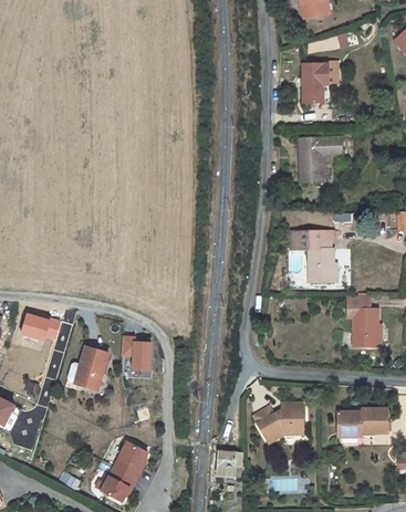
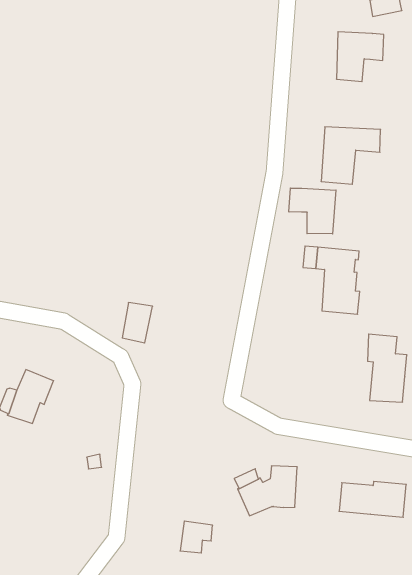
building: none -> [289,188,336,234]
building: [132,341,153,370] -> [122,303,153,343]
building: [102,438,149,497] -> none

